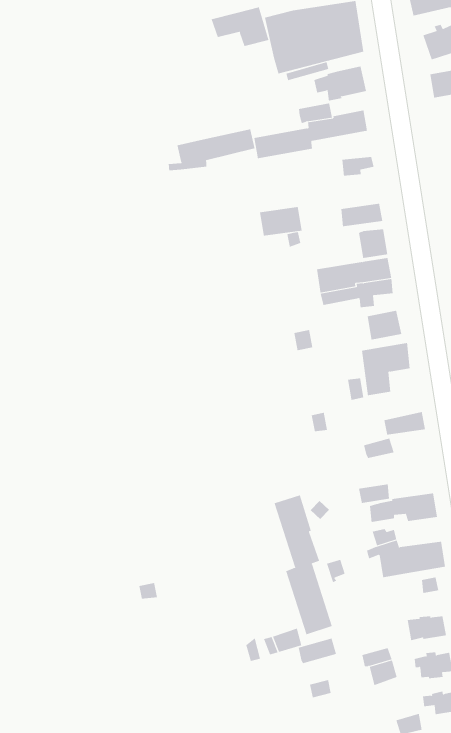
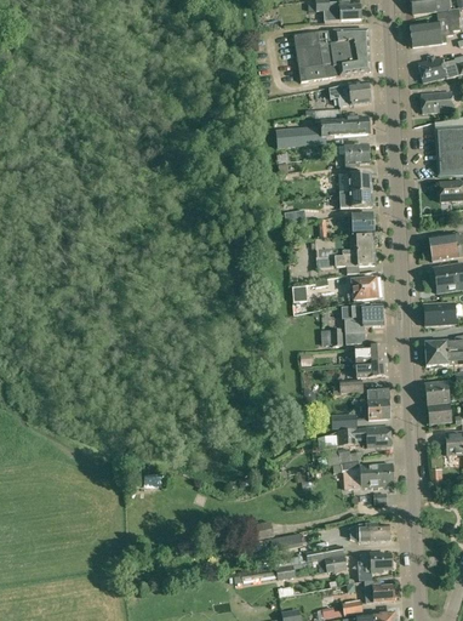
building: [211,7,269,47] -> none
building: [168,129,255,171] -> none
building: [259,207,303,236] -> [338,172,371,193]
building: none -> [355,344,388,364]
building: none -> [367,388,390,418]
building: [274,494,333,635] -> none

